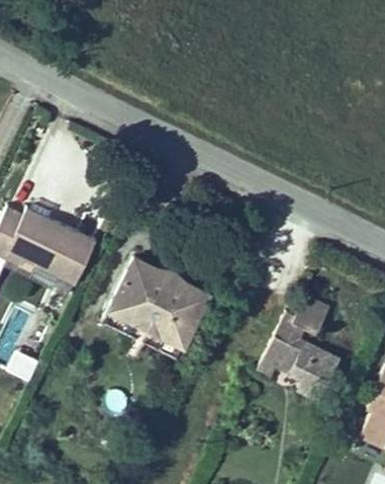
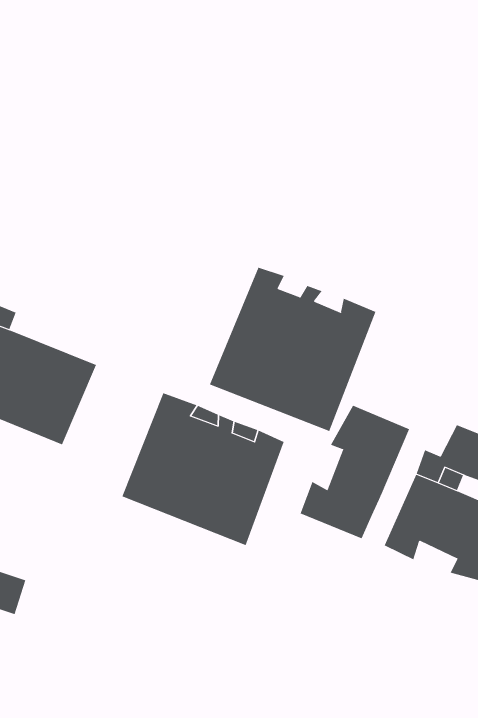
building: none -> [209,267,376,432]
building: none -> [300,405,410,539]

